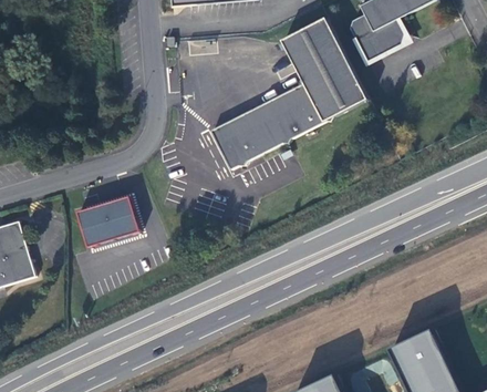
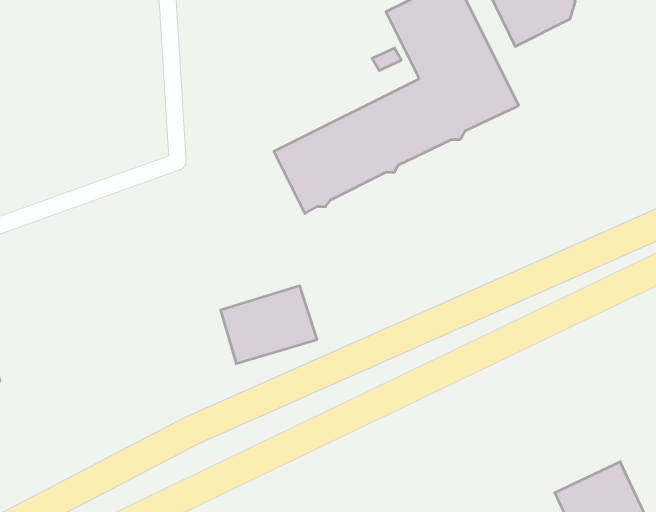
building: [77,197,139,247] -> [221,286,317,363]

